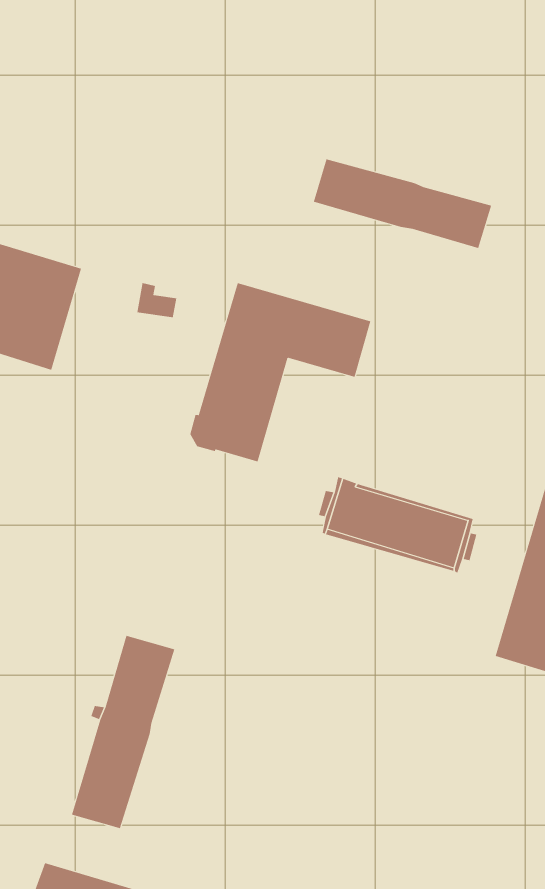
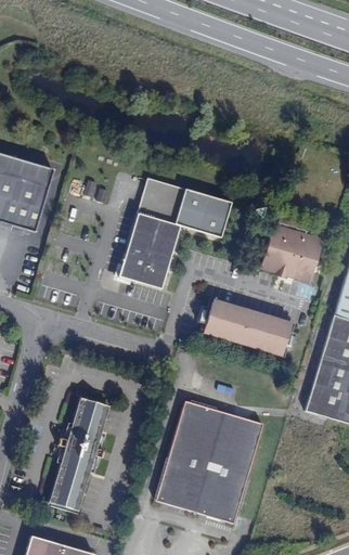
building: [313,159,492,249] -> none
building: none -> [260,224,323,283]
building: none -> [154,400,262,524]

